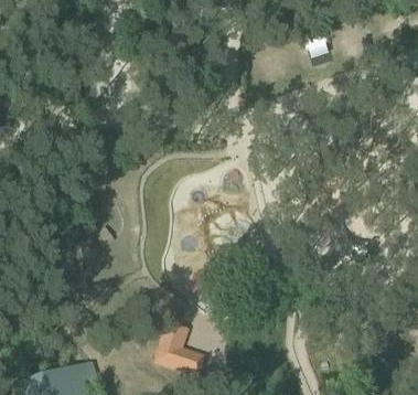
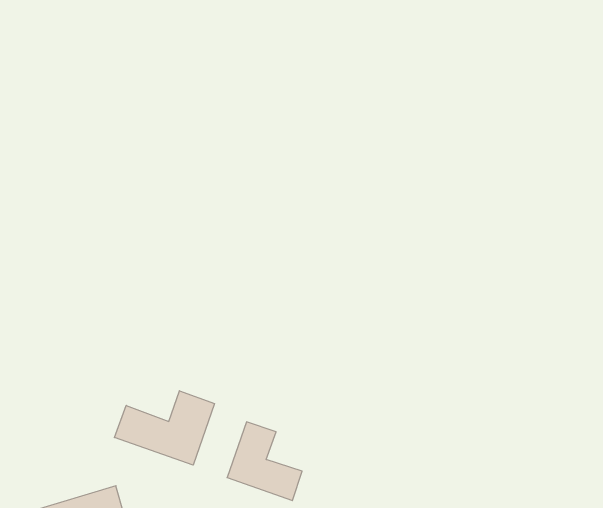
building: none -> [114,391,214,465]

